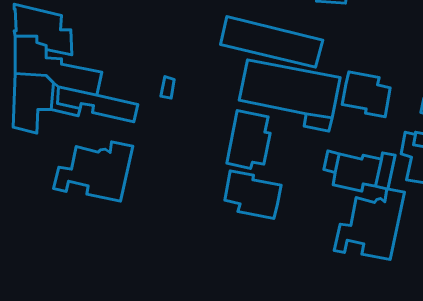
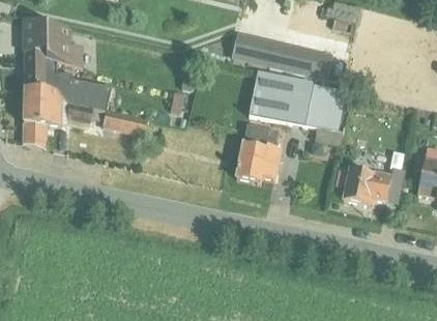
building: [342,72,390,117] -> none
building: [54,142,133,201] -> none
building: [225,171,281,219] -> none
building: [334,189,405,260] -> none

